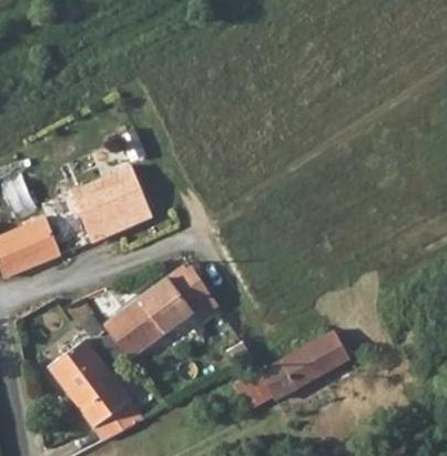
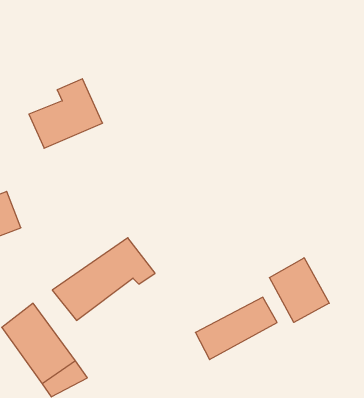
building: [71,165,152,242] -> [29,79,103,148]
building: none -> [269,258,329,322]

